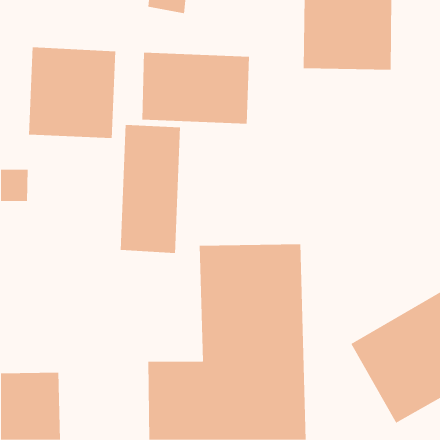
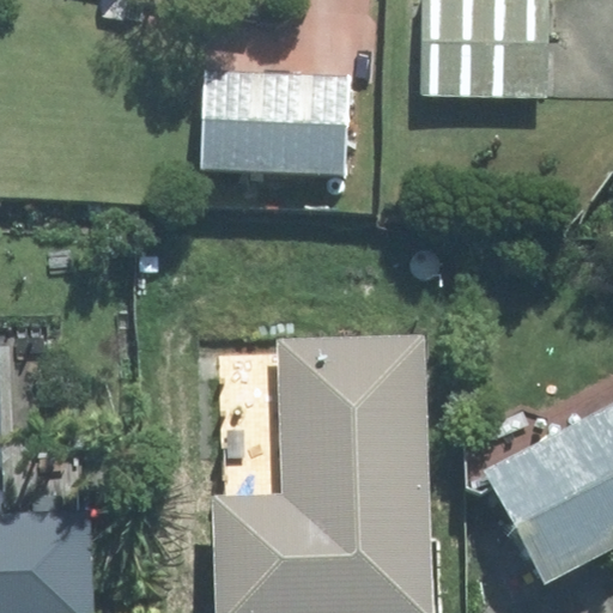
building: [28,46,116,139] -> none
building: [120,124,181,254] -> none

